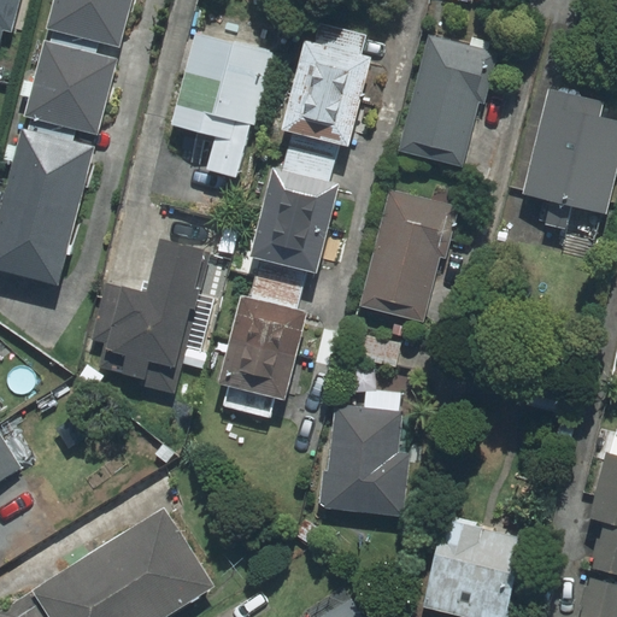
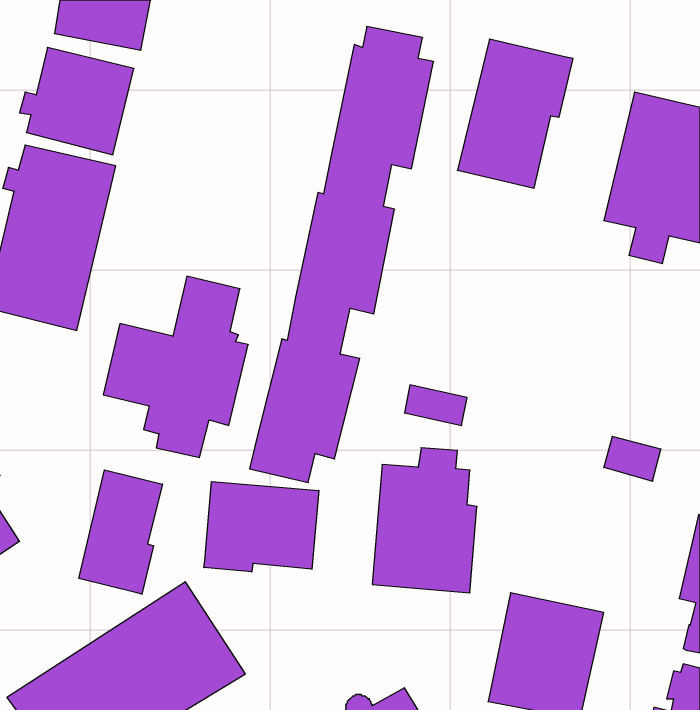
building: [172,35,272,181] -> none
building: [355,190,453,324] -> none
building: none -> [79,470,162,594]
building: none -> [204,482,319,572]

